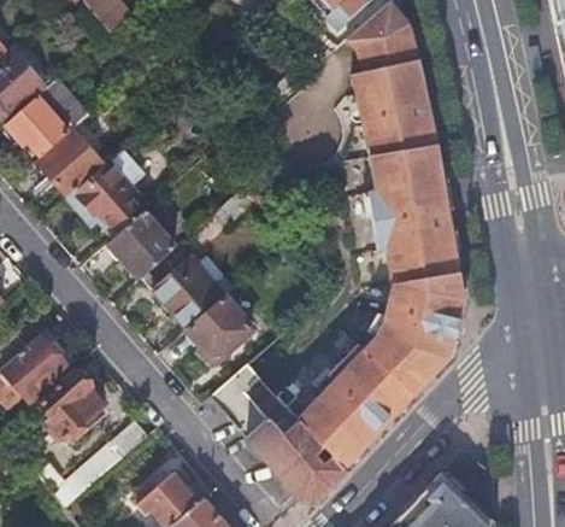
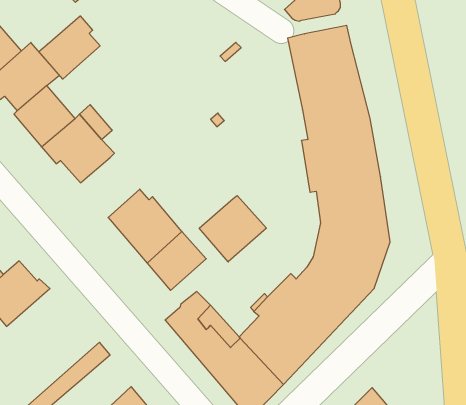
building: none -> [39,16,100,79]
building: [110,210,181,281] -> none
building: none -> [199,196,266,262]
building: [36,369,102,439] -> none

